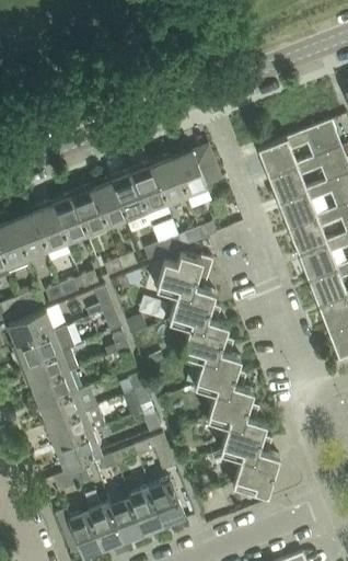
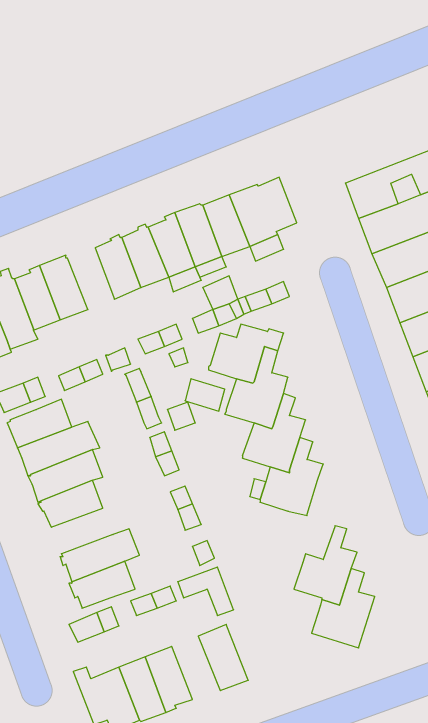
building: [51,195,86,243] -> none
building: [208,370,254,430] -> none
building: [38,391,85,425] -> none
building: [129,486,165,535] -> none

